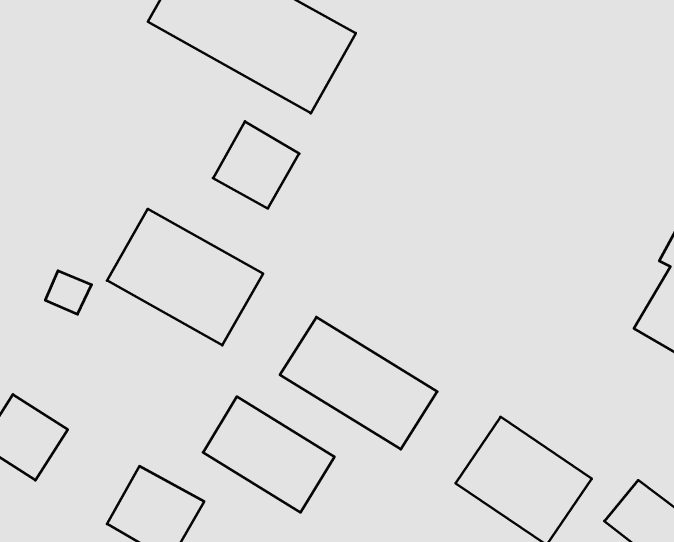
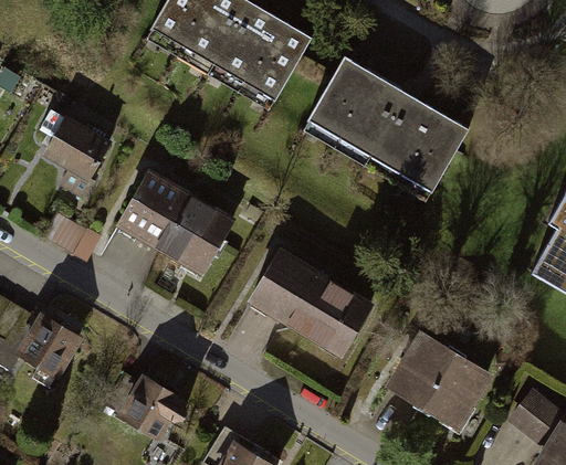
building: none -> [303,50,468,191]
building: [213,121,299,208] -> none
building: none -> [42,118,115,182]
building: [203,397,334,512] -> none

